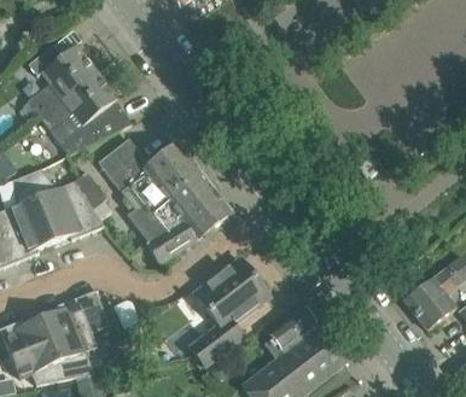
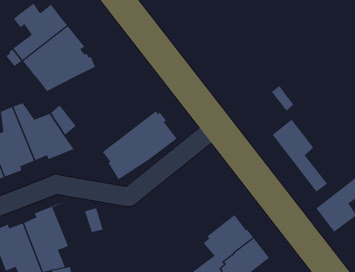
building: [98,138,205,229] -> none
building: none -> [272,119,328,192]
building: [190,257,269,366] -> none

